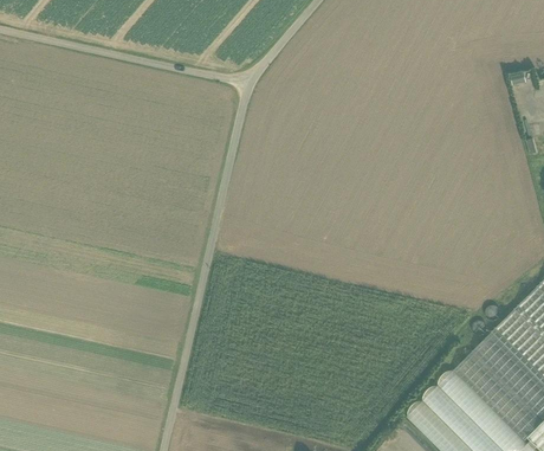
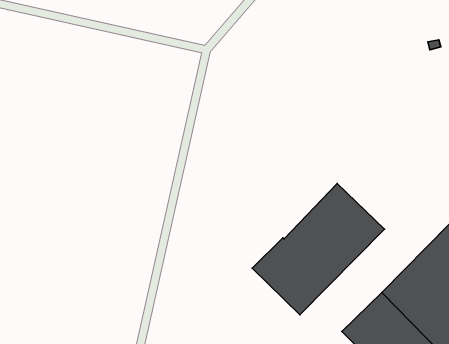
building: none -> [252,184,384,315]

